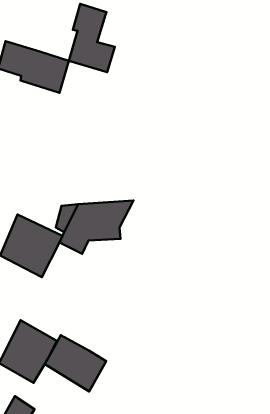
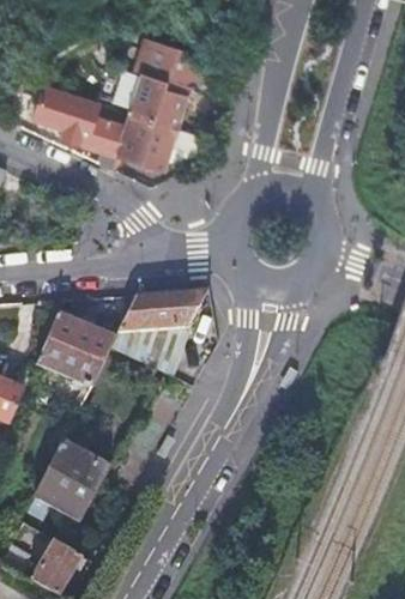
building: none -> [113,113,174,169]
building: [45,335,106,391] -> none

